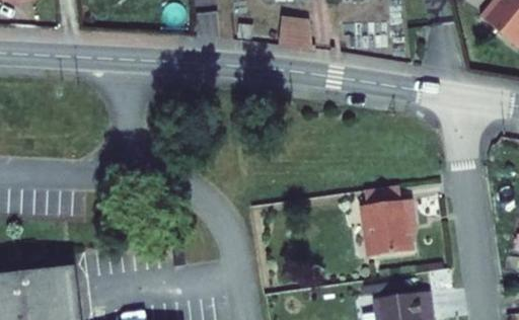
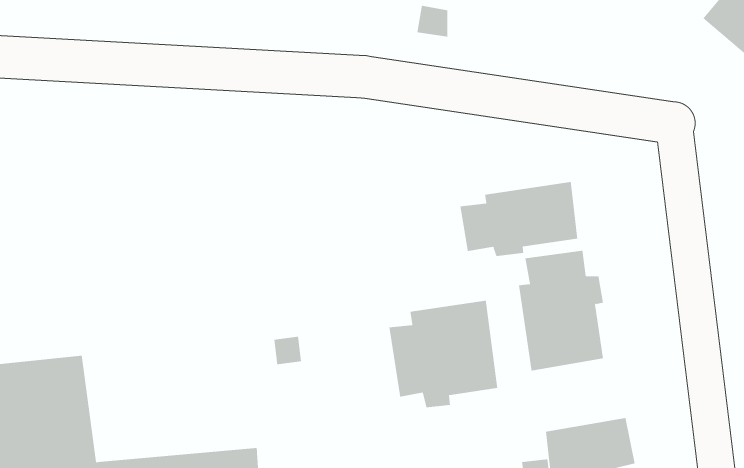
building: none -> [460,181,578,257]
building: none -> [389,300,498,408]

